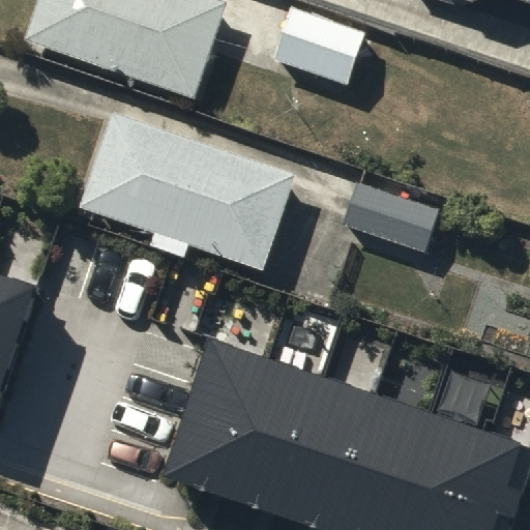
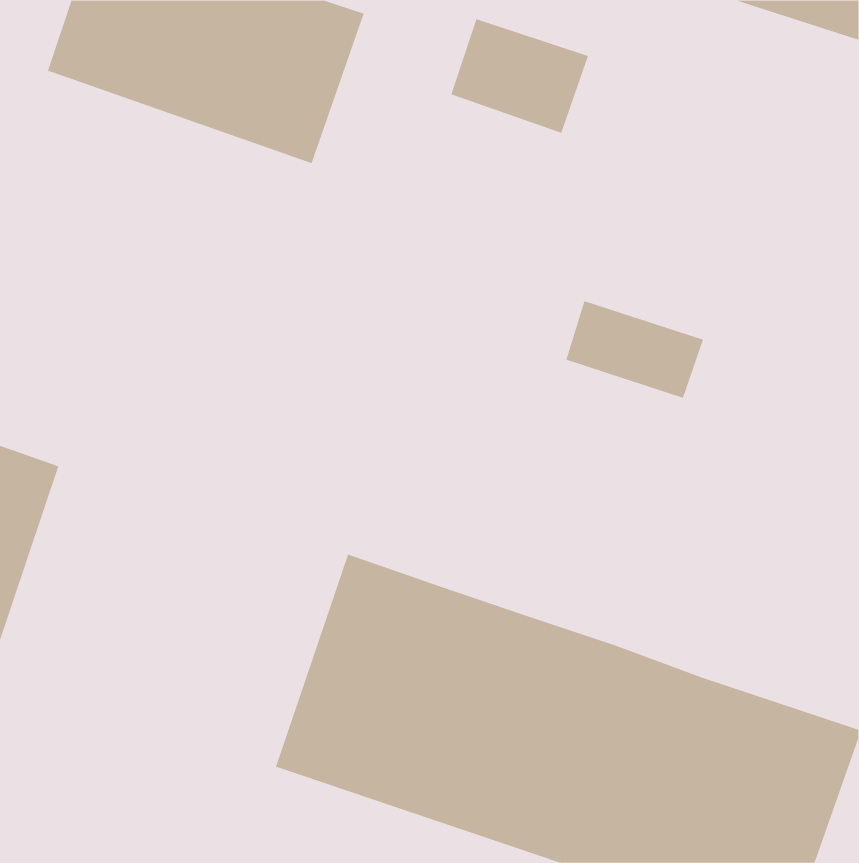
building: [79,120,288,268] -> none

